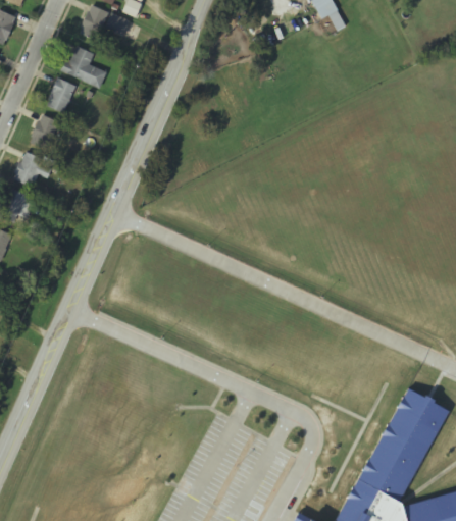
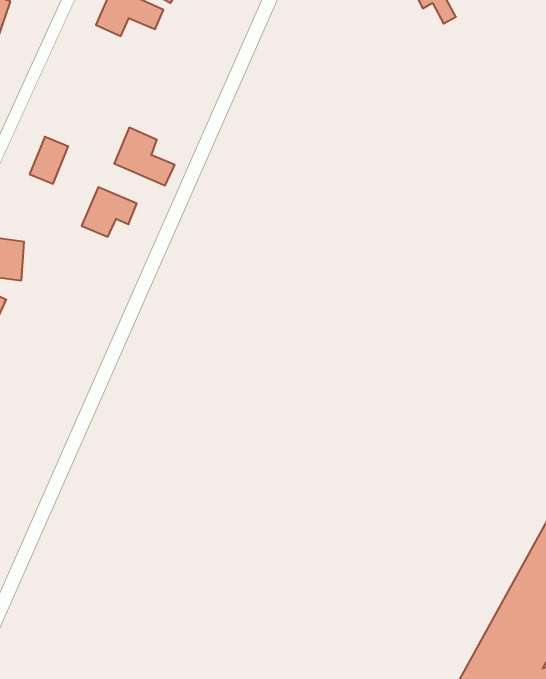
building: [61,45,106,88] -> [114,128,175,186]
building: [45,77,77,113] -> none
building: [12,151,53,188] -> [82,187,137,237]

